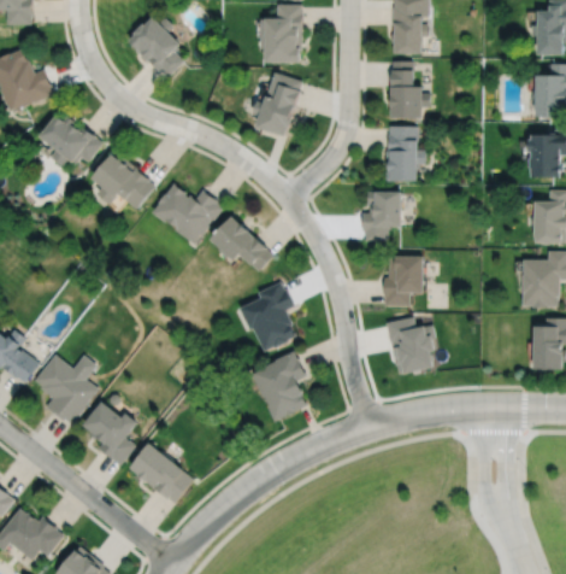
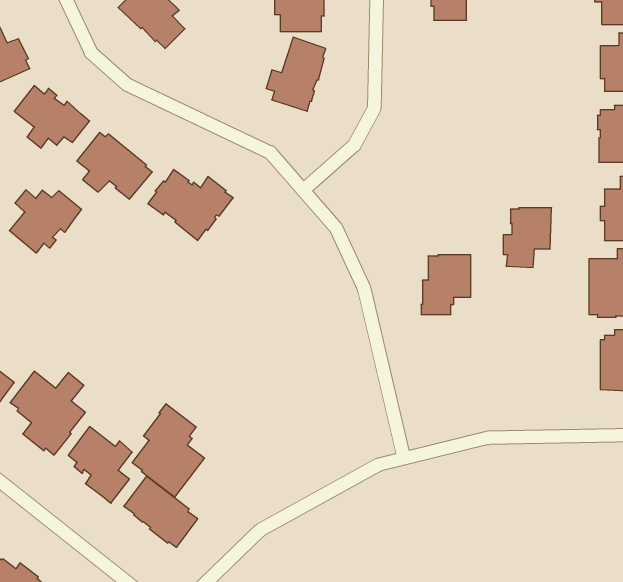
building: [390,62,430,117] -> none
building: [384,124,424,178] -> none
building: [361,189,402,240] -> [503,208,552,267]
building: none -> [9,190,82,253]
building: [211,213,272,270] -> none
building: [240,281,295,351] -> none
building: [384,317,434,374] -> none
building: [253,350,308,421] -> none
building: none -> [132,404,204,497]

